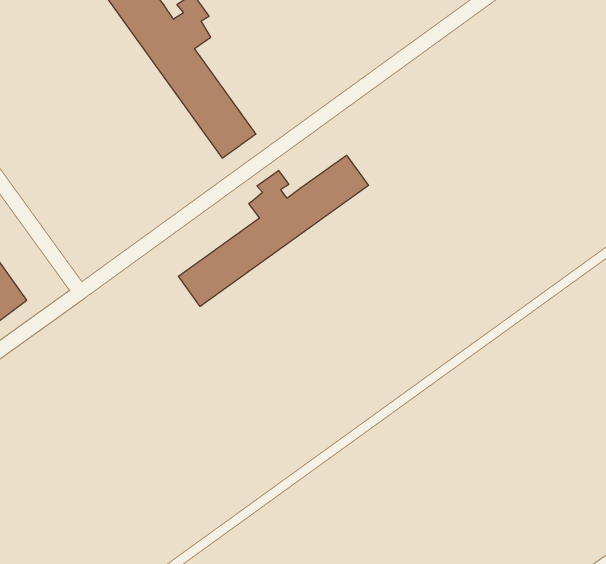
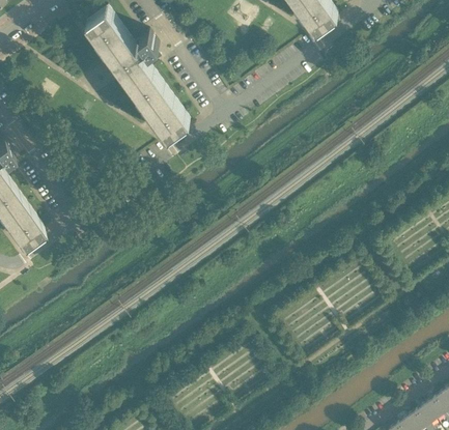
building: [178,155,368,306] -> none

